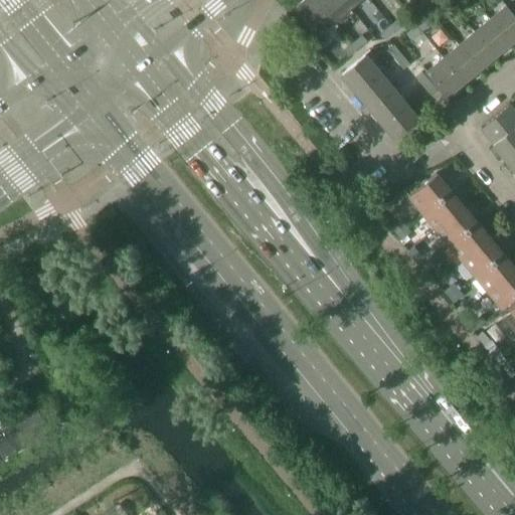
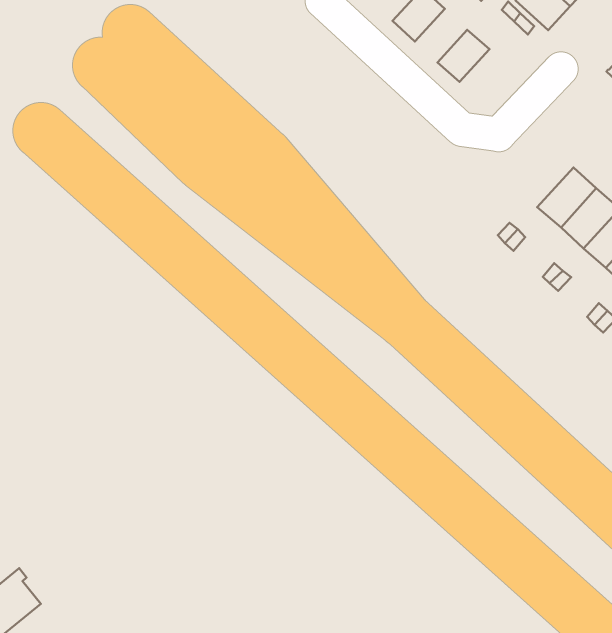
building: [356,71,392,107] -> none
building: [382,103,418,139] -> none
building: [409,174,451,213] -> none

